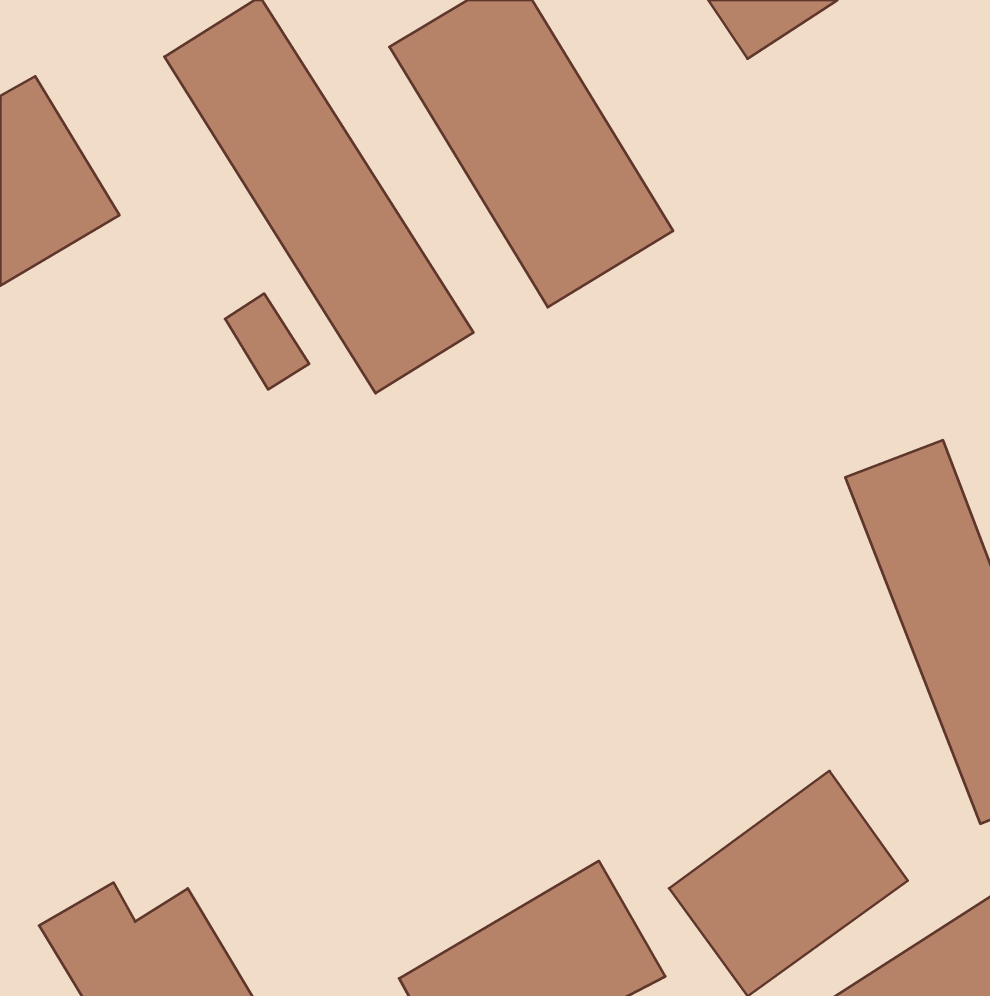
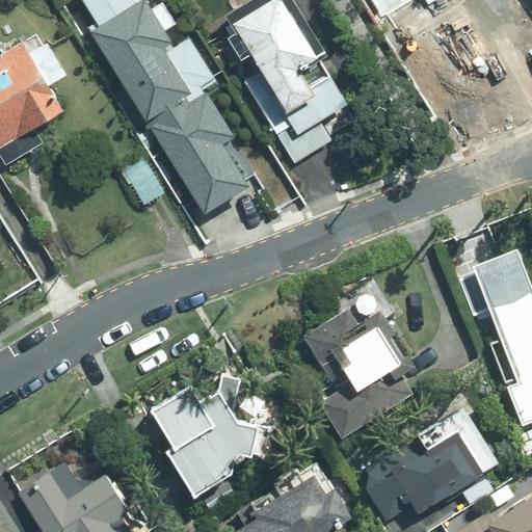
building: none -> [303,294,433,438]
building: none -> [147,391,250,498]

